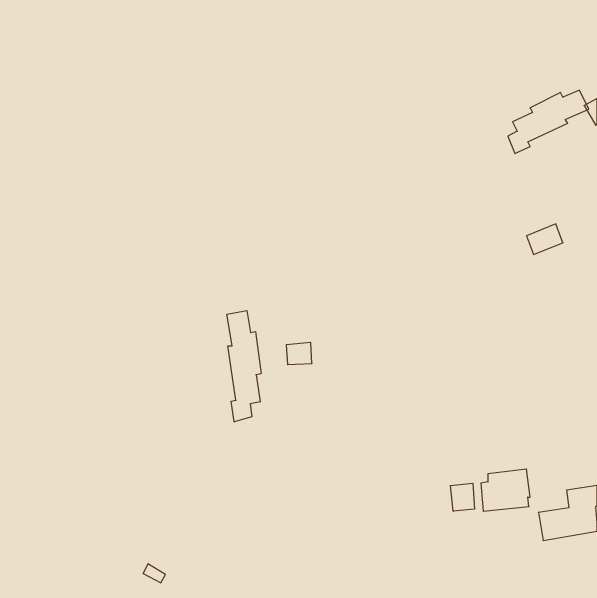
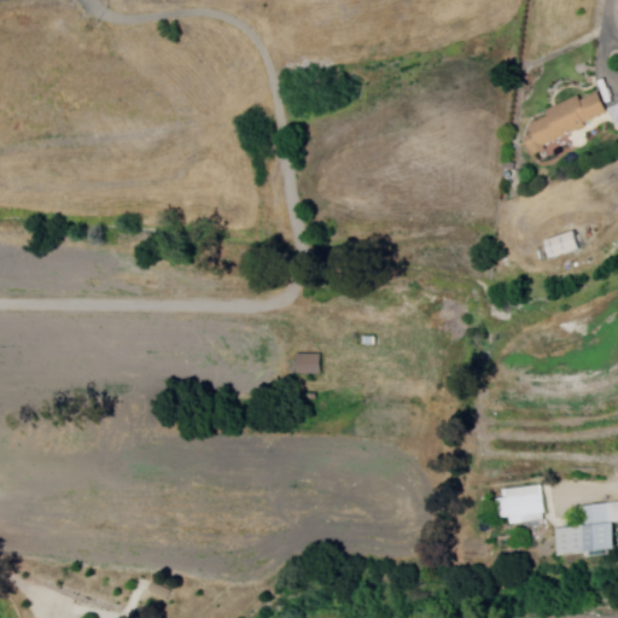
building: [227,311,261,422] -> none
building: [450,483,474,511] -> none

